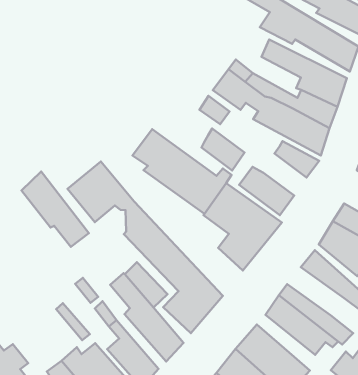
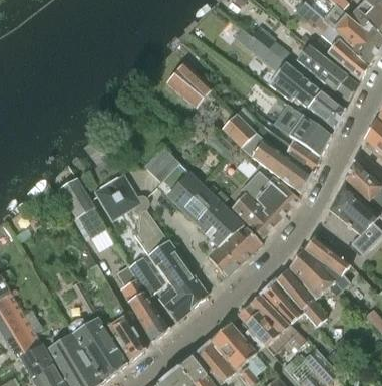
building: none -> [166,62,213,109]
building: [201,128,244,171] -> [254,187,288,223]
building: none -> [260,281,304,324]

